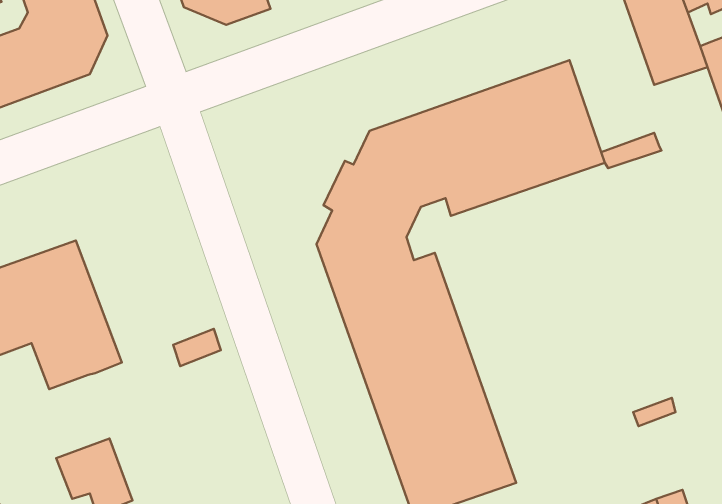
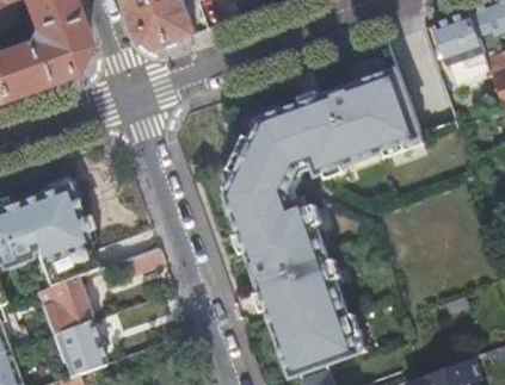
building: none -> [36,279,87,335]

